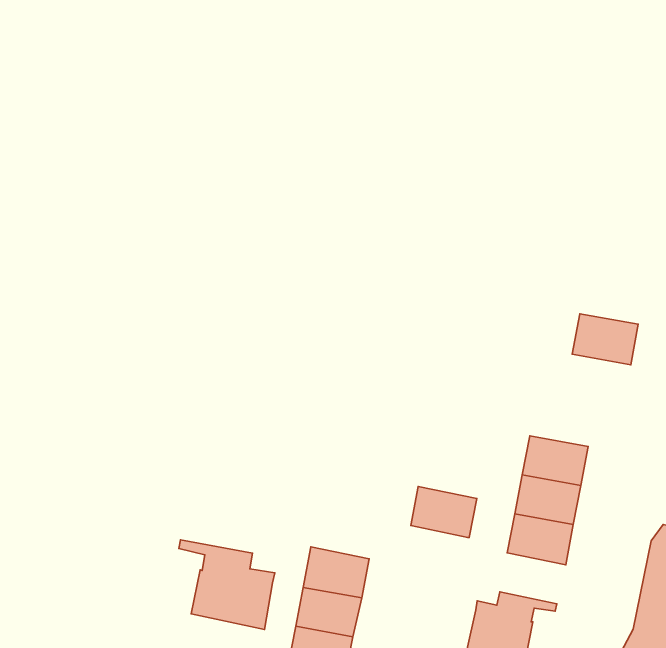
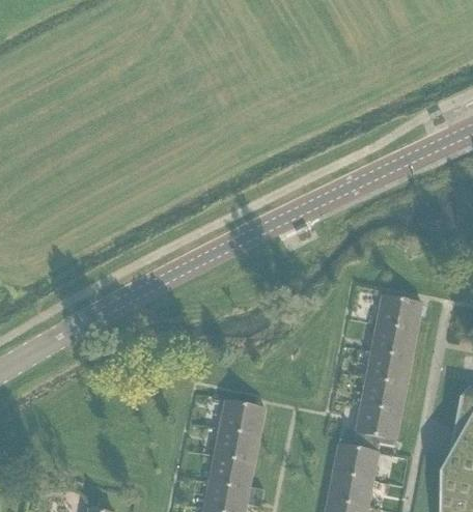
building: [572,314,638,365] -> [375,300,421,335]
building: [411,487,477,537] -> [355,408,400,444]
building: [179,540,275,629] -> none

